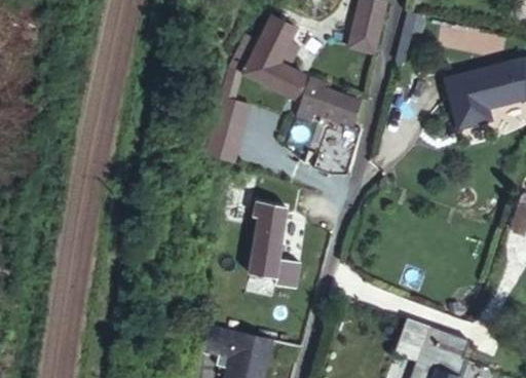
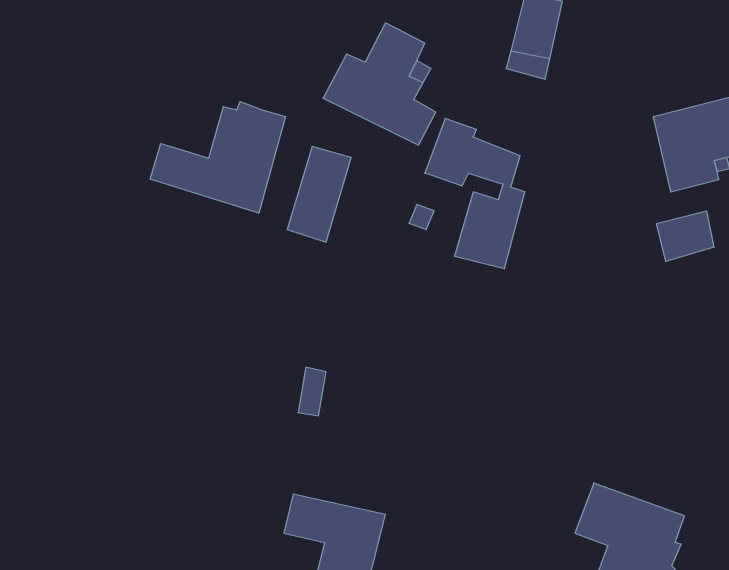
building: none -> [150,102,286,213]
building: none -> [657,211,714,261]
building: [249,201,287,278] -> none

